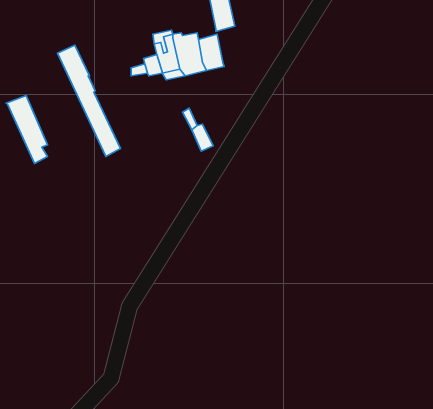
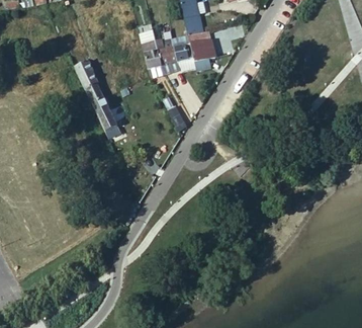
building: none -> [188,28,219,60]
building: [6,95,47,164] -> none

